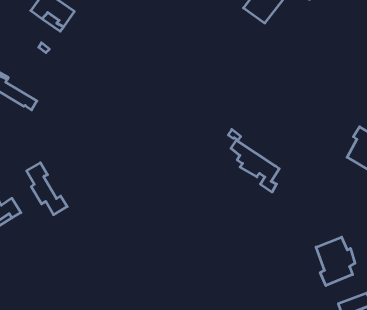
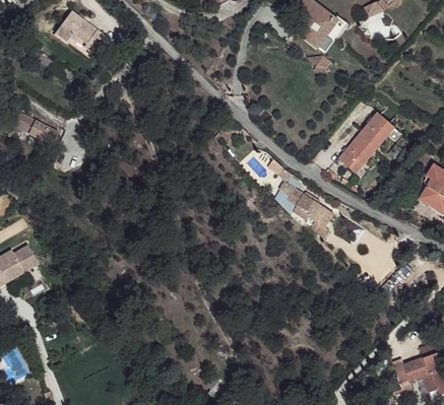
building: none -> [336,112,393,175]
building: [27,163,67,215] -> none
building: [316,237,355,286] -> none

